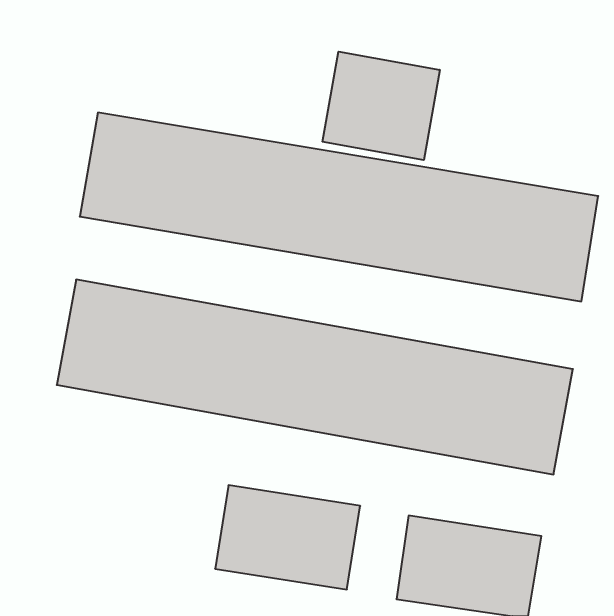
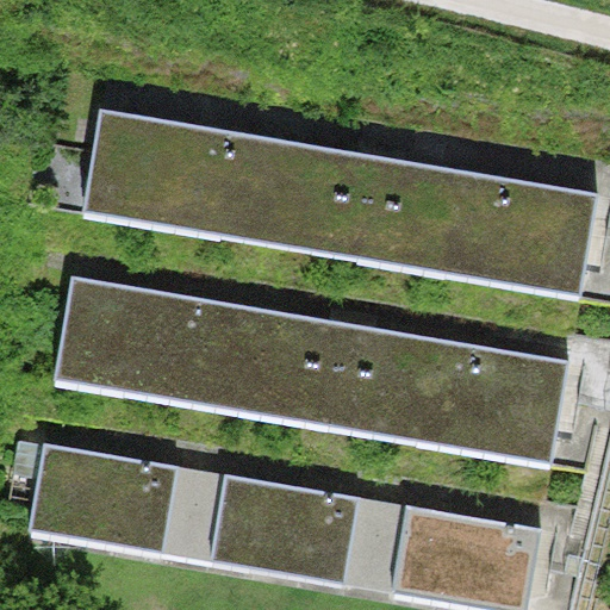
building: [323,52,440,160] -> none
building: none -> [36,447,179,549]

